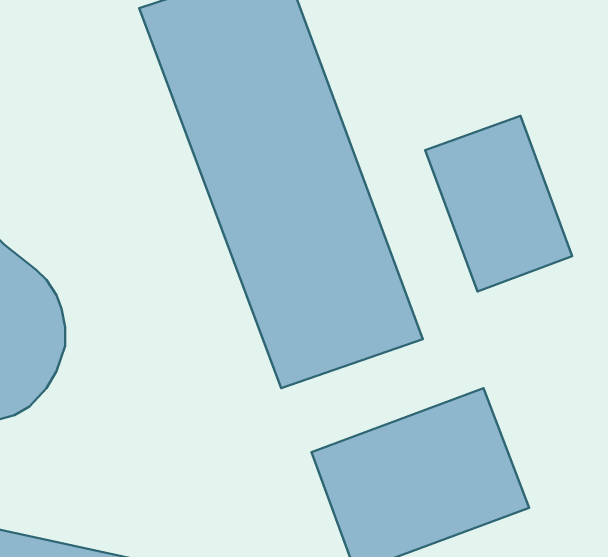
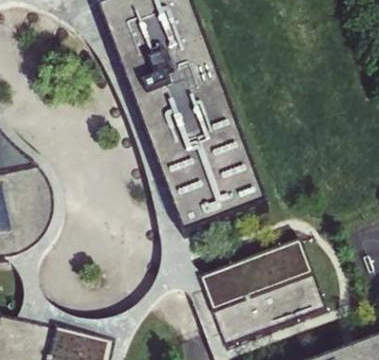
building: [425,116,572,292] -> none

